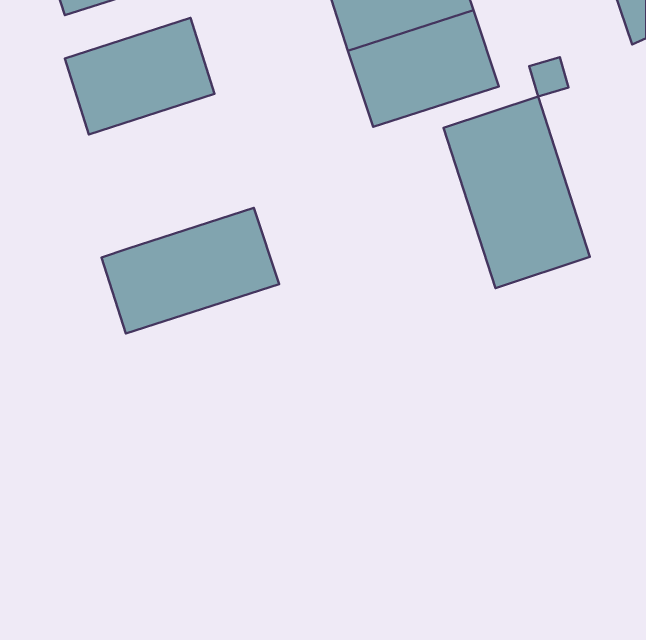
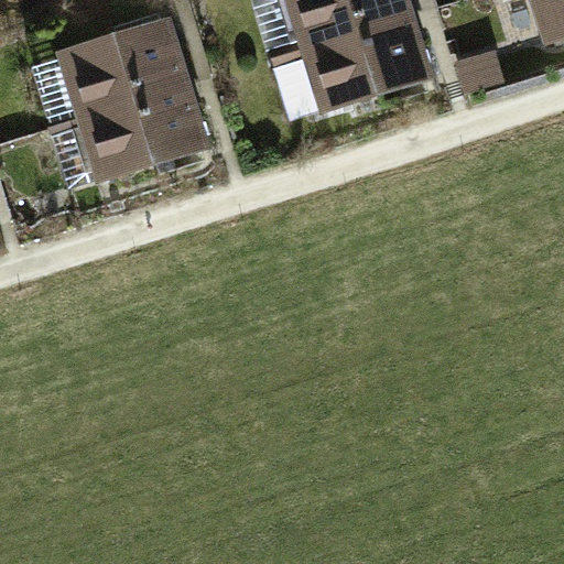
building: [444,97,590,288] -> none
building: [102,208,279,334] -> [54,82,208,191]

